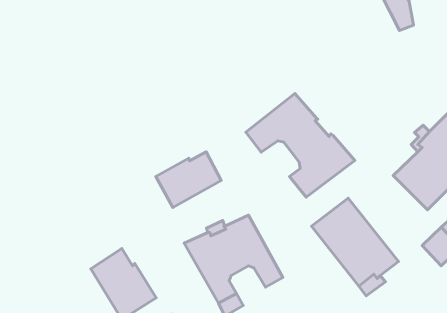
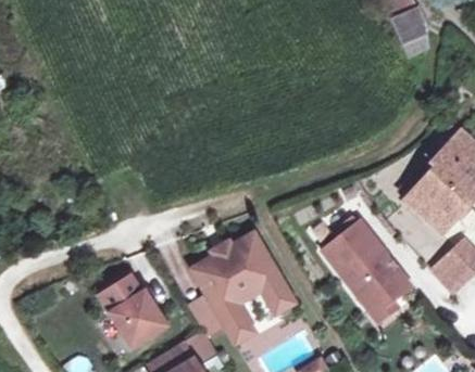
building: [246,93,355,197] -> none
building: [156,152,221,208] -> none

